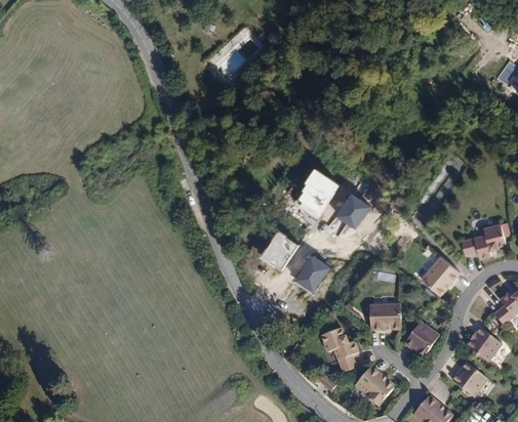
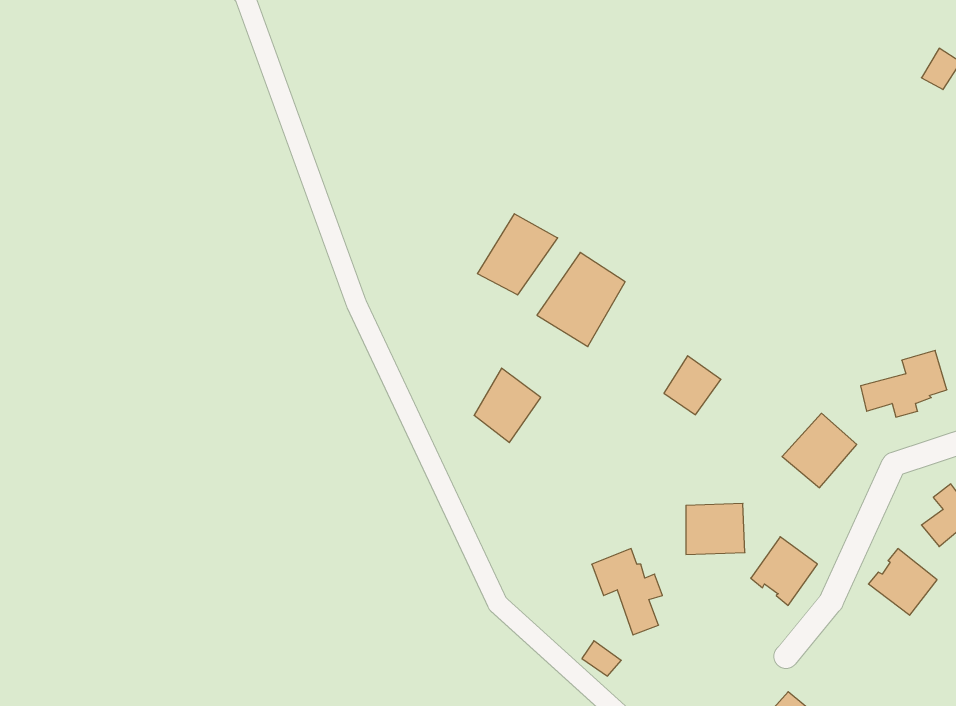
building: none -> [477,214,558,295]
building: [340,198,369,228] -> [664,356,721,415]
building: [294,257,328,294] -> none
building: [452,361,487,395] -> none
building: [355,365,394,404] -> none

